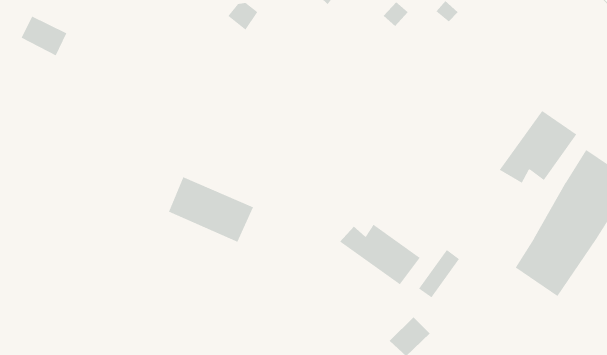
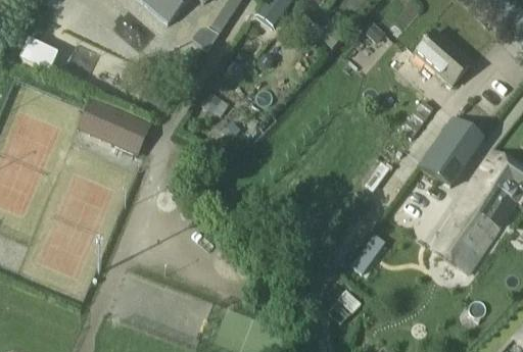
building: none -> [415,28,473,84]
building: [168,177,254,242] -> [79,97,150,152]
building: [339,224,420,285] -> none

